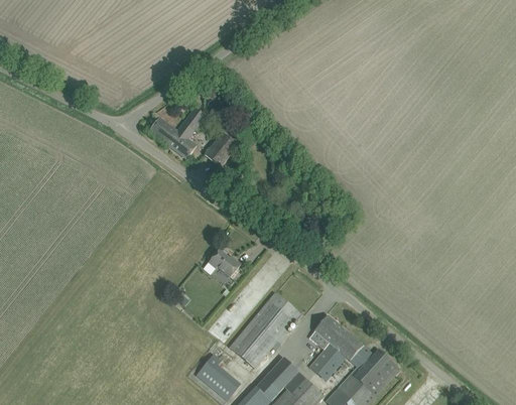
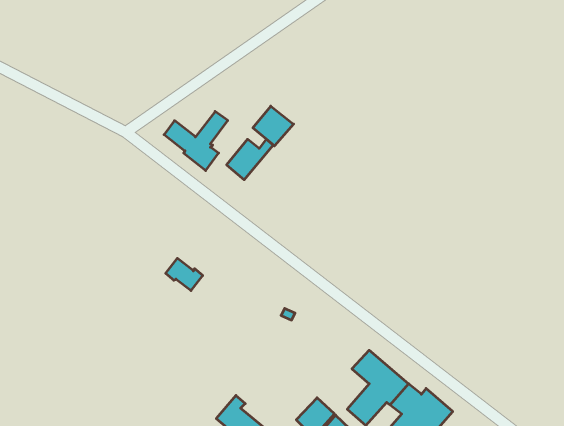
building: none -> [253,106,294,146]
building: [208,249,240,277] -> [166,258,203,291]
building: [228,292,299,369] -> none

